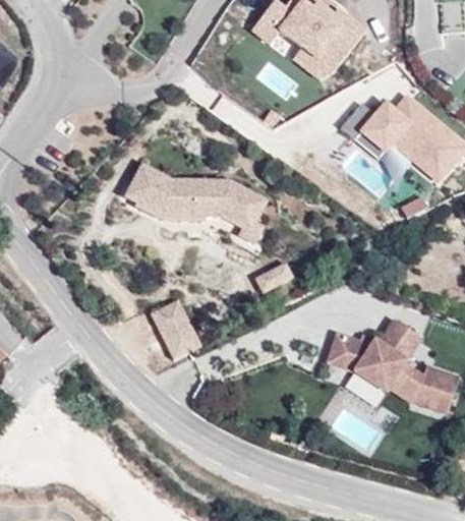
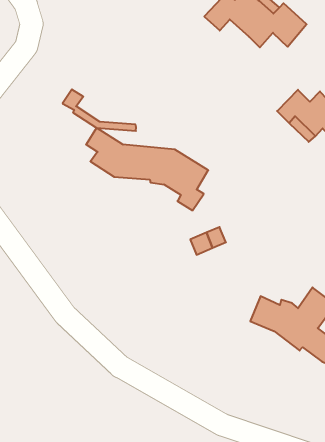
building: [293,41,346,79] -> none
building: [122,180,206,221] -> [63,89,136,131]
building: [150,298,202,359] -> none

